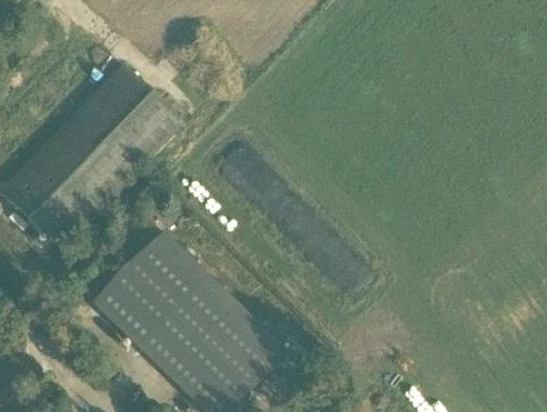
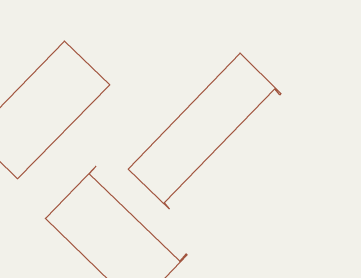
building: none -> [128,53,281,209]

